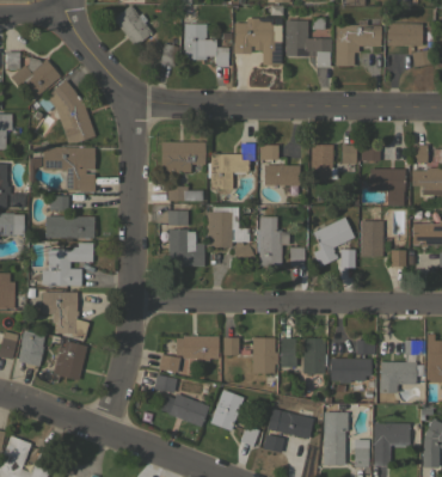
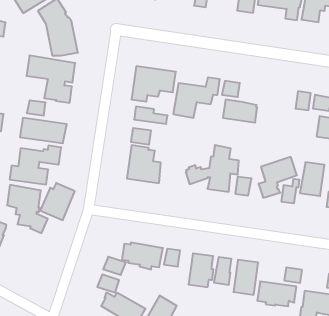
building: [312,145,338,181] -> none
building: [208,207,248,246] -> none
building: [54,341,88,380] -> [40,183,75,220]

